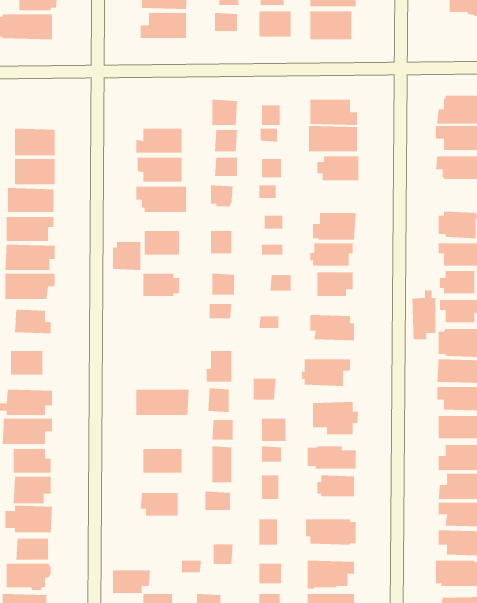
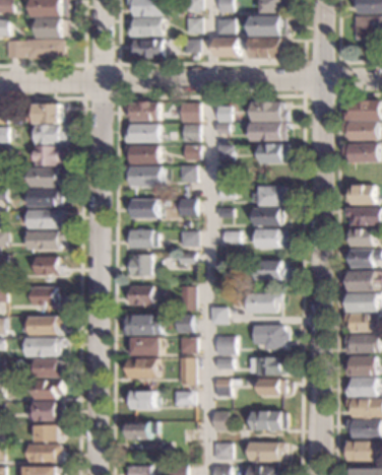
building: none -> [122,103,155,121]
building: none -> [31,105,57,124]
building: [112,241,141,270] -> [127,255,148,276]
building: [412,289,436,340] -> none
building: none -> [128,286,150,304]
building: none -> [127,337,161,355]
building: [112,570,151,593] -> [128,422,156,439]

